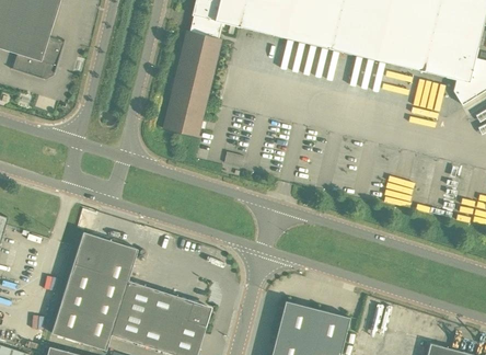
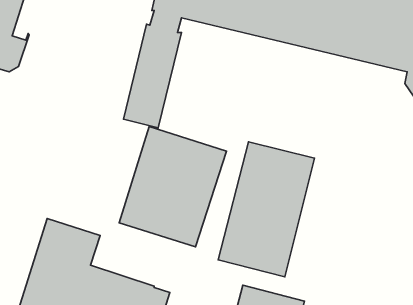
building: none -> [119,126,227,247]
building: none -> [218,142,314,277]

